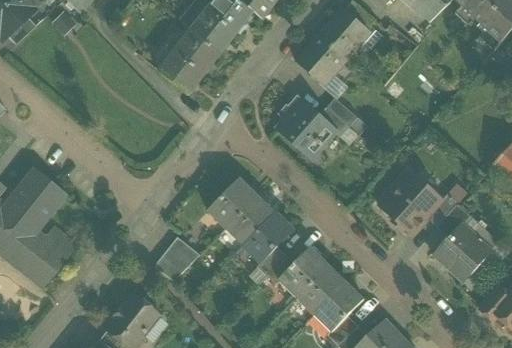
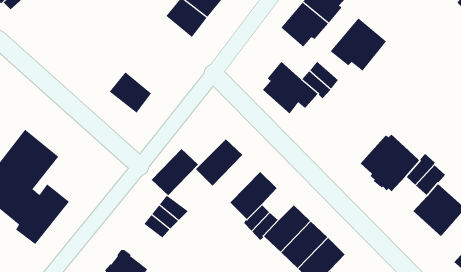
building: [159,50,204,94] -> [109,71,152,114]
building: none -> [330,18,387,71]
building: [225,195,275,245] -> [151,148,199,196]

